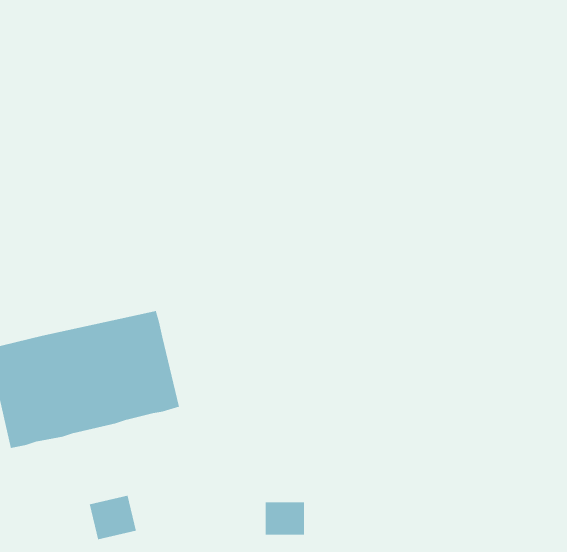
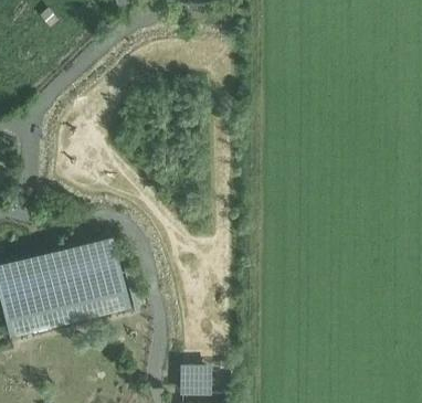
building: [89,495,137,540] -> none

